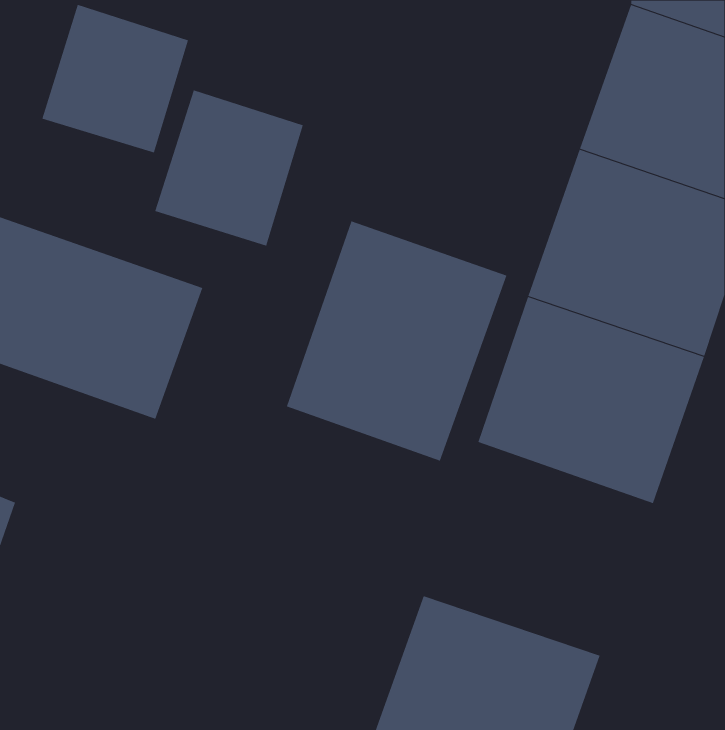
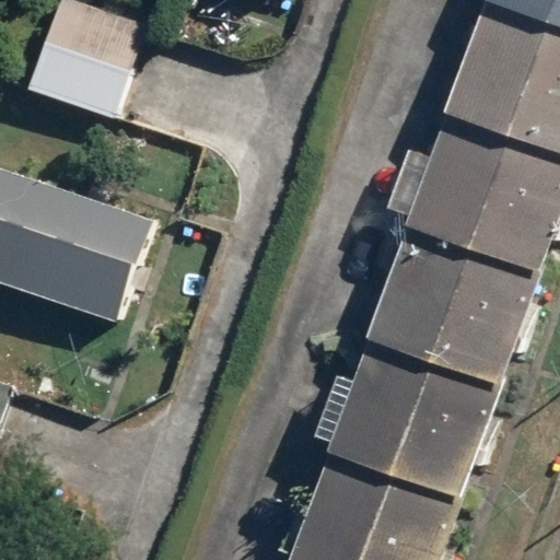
building: [154,89,304,247] -> none
building: [286,221,507,462] -> none
building: none -> [324,339,500,502]

